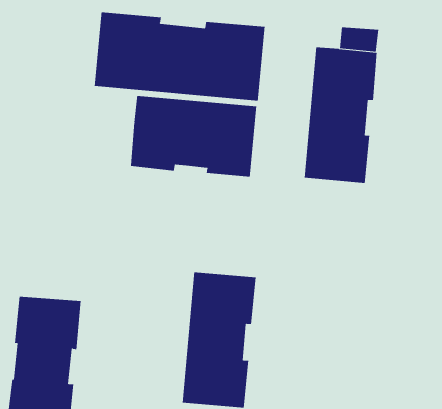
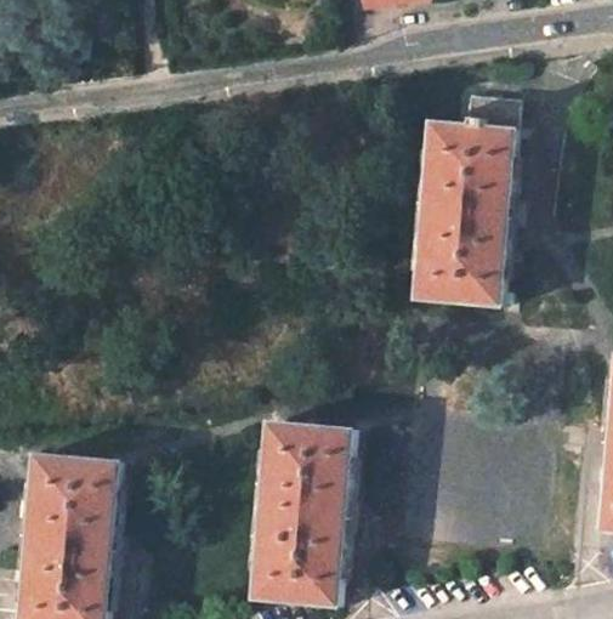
building: [94,11,265,101] -> none
building: [130,95,257,177] -> none

